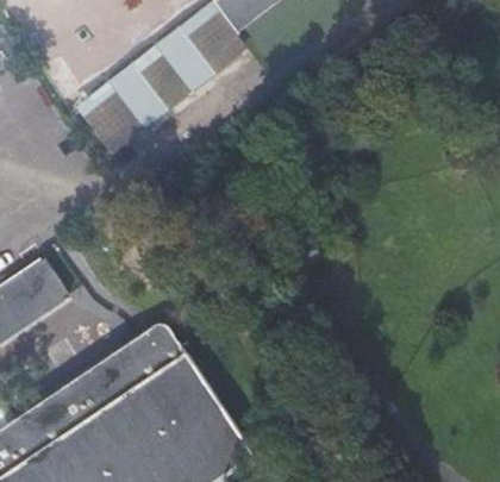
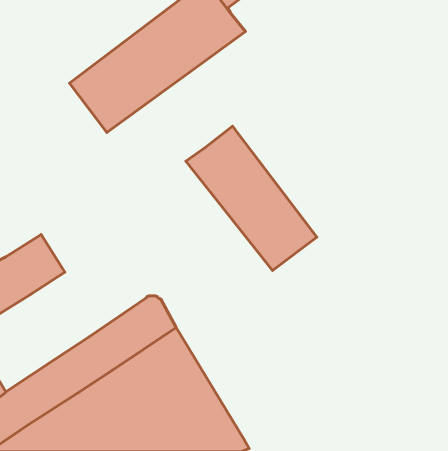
building: none -> [186,126,317,271]

